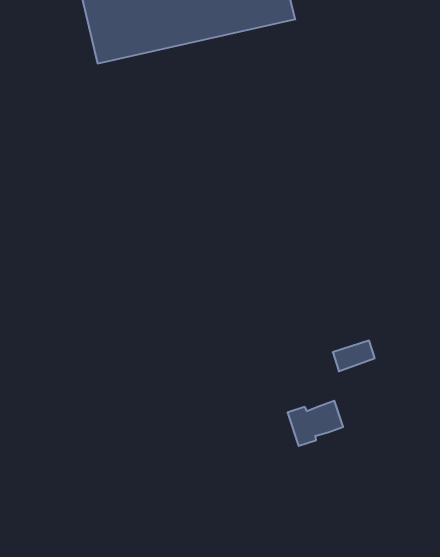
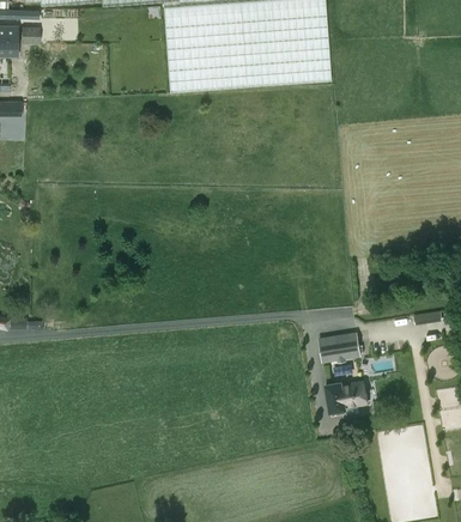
building: [287,401,343,446] -> [326,381,368,412]

